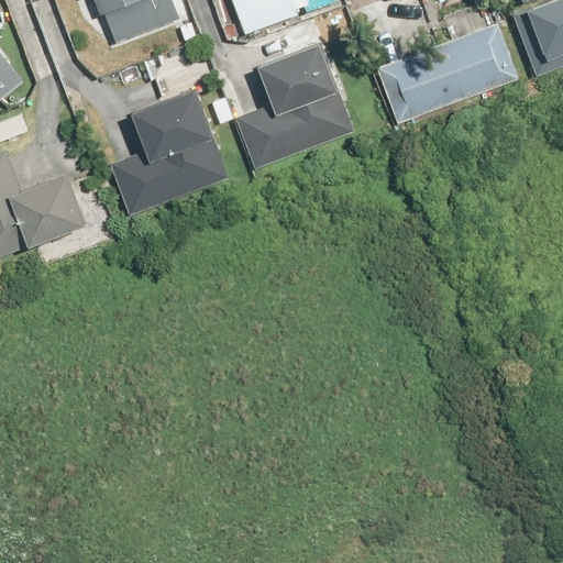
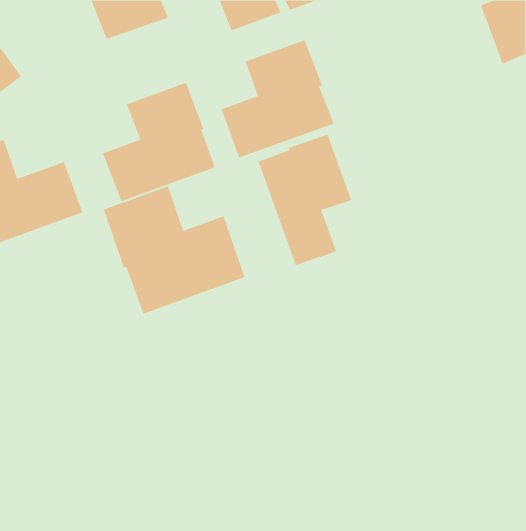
building: [376,23,518,123] -> none
building: none -> [258,134,352,266]
building: none -> [103,186,245,314]

